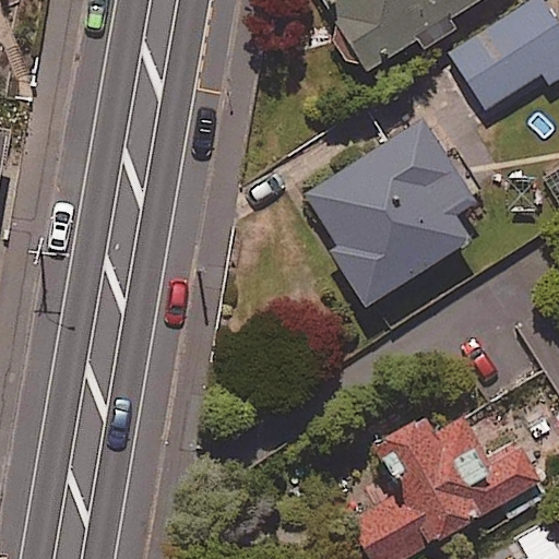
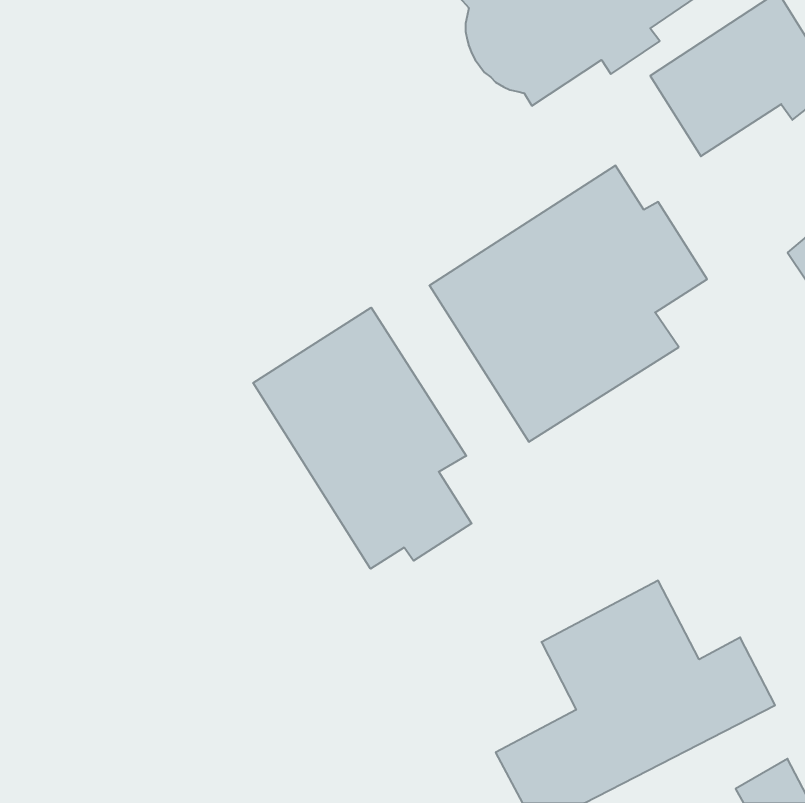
building: none -> [253,308,472,569]

